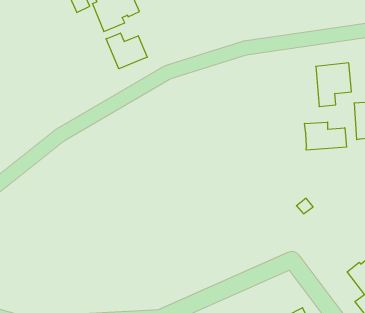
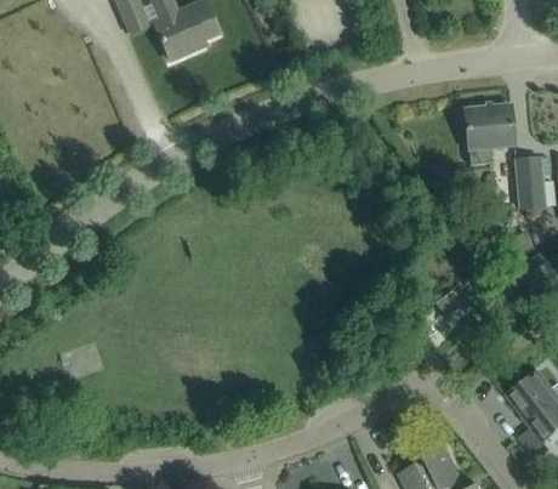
building: [106,33,147,69] -> none
building: [305,122,346,150] -> none

